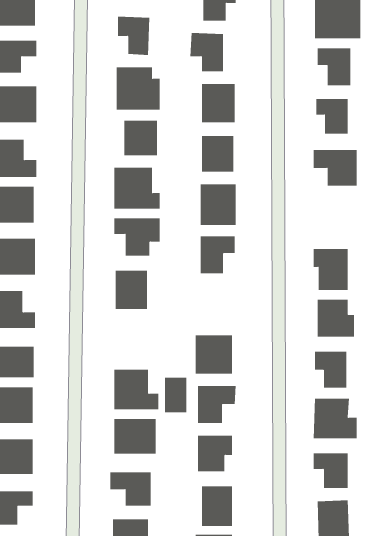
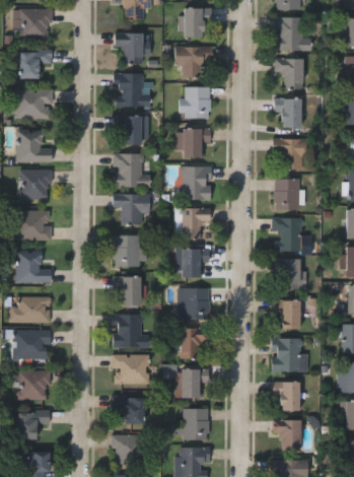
building: none -> [274,179,299,210]
building: none -> [183,249,211,277]
building: [164,377,187,413] -> [123,276,141,304]

